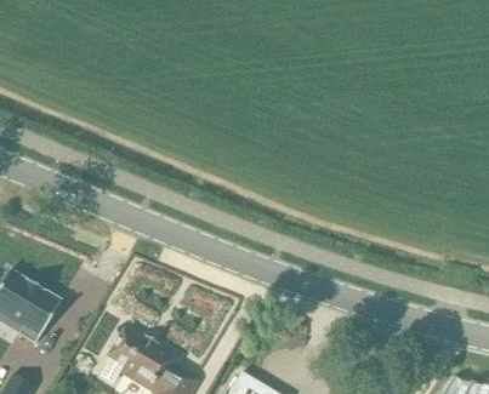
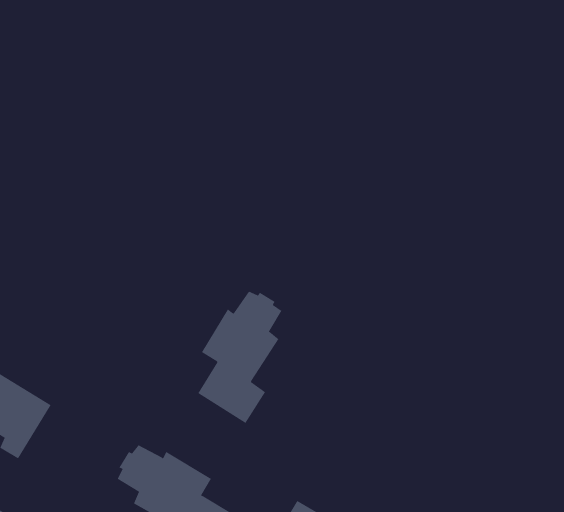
building: none -> [198,291,282,424]

